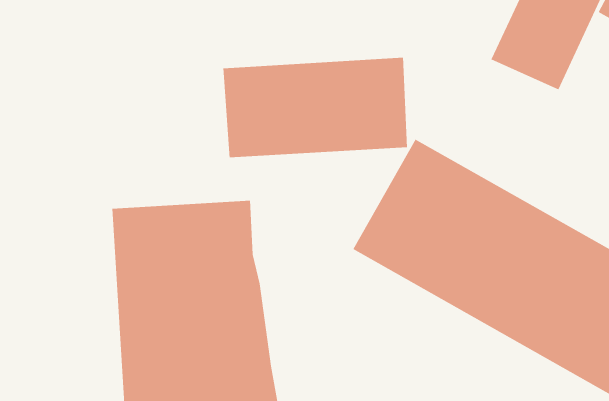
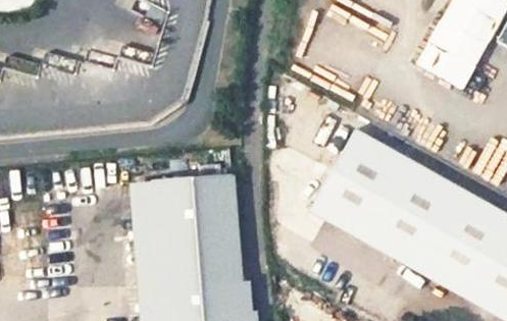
building: [223,57,408,158] -> none

